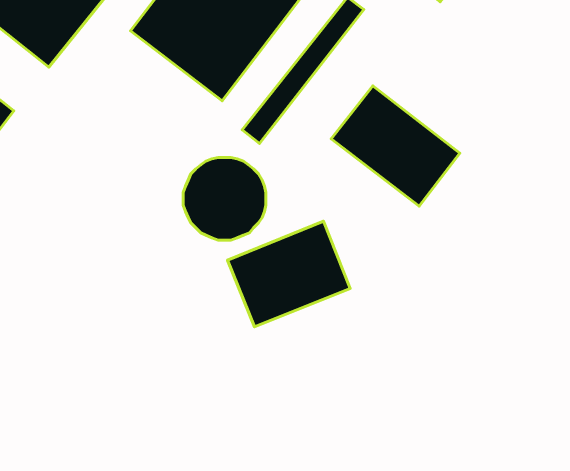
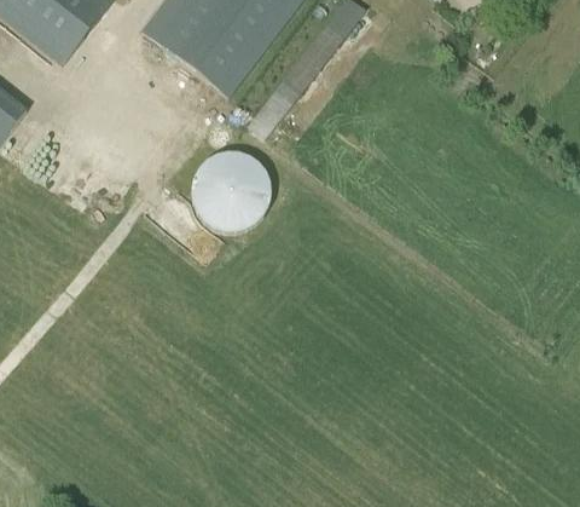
building: [331,86,460,206] -> none
building: [227,221,350,327] -> none

